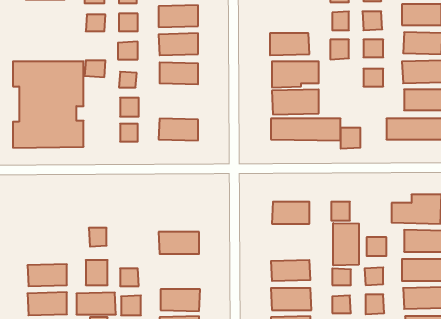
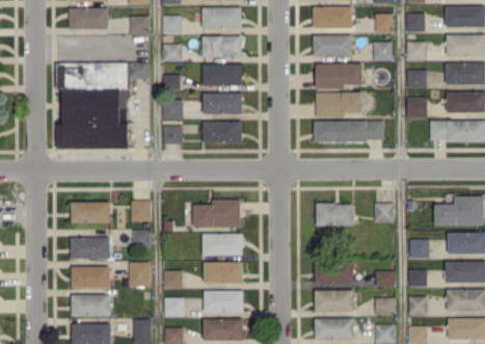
building: none -> [313,6,352,28]
building: none -> [69,8,108,29]
building: none -> [203,92,241,114]
building: [341,128,360,149] -> [406,98,426,118]
building: none -> [192,200,240,228]
building: none -> [130,201,150,221]
building: none -> [71,202,109,223]
building: [333,223,359,265] -> none
building: none -> [204,262,243,284]
building: [76,293,116,314] -> [71,237,110,259]

